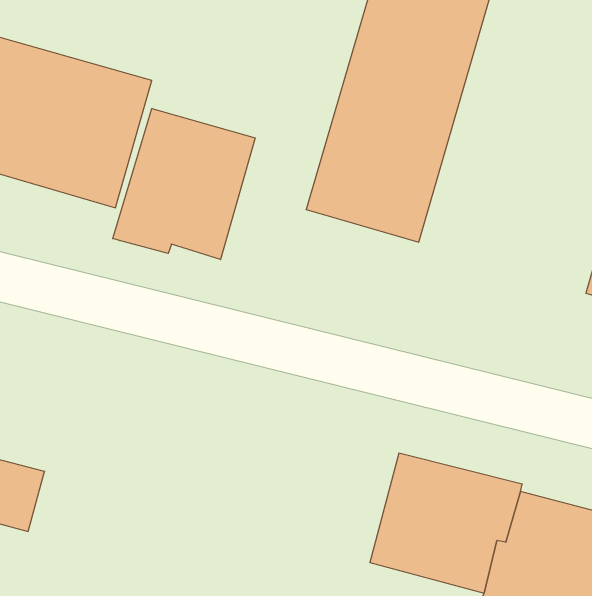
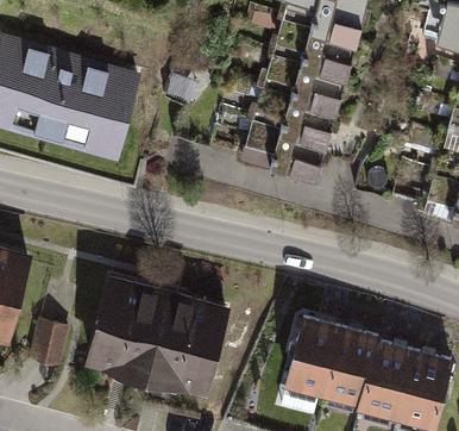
building: [113,108,255,260] -> none
building: none -> [84,275,231,398]

